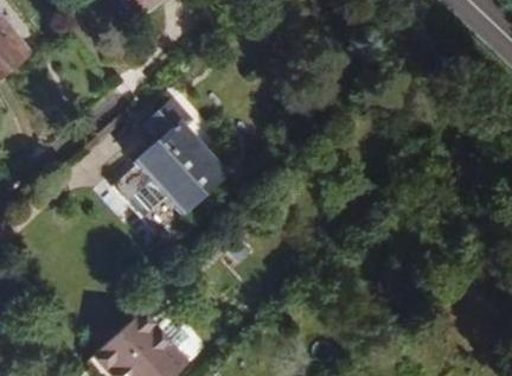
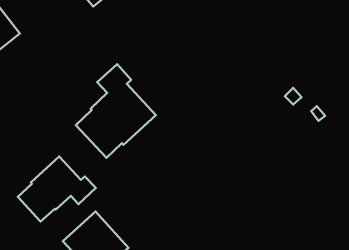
building: none -> [18,156,96,222]

